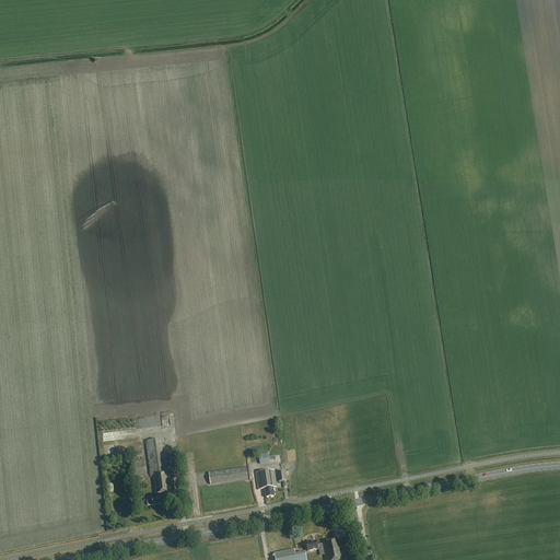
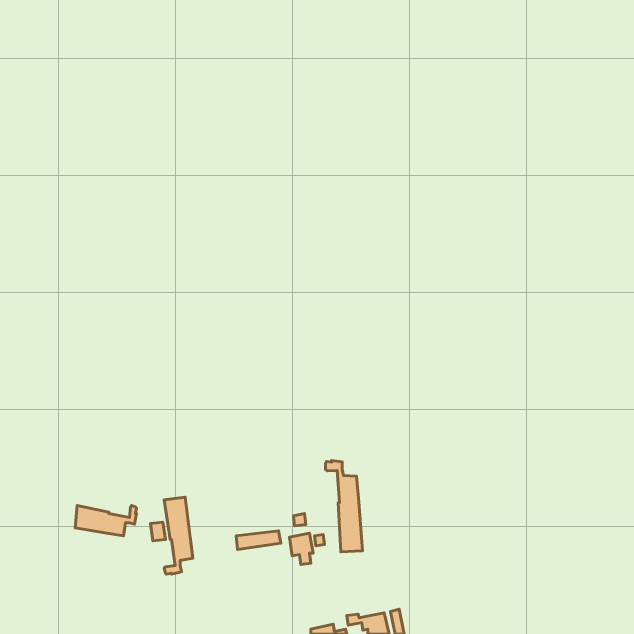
building: none -> [326,461,363,552]
building: none -> [75,505,136,536]

